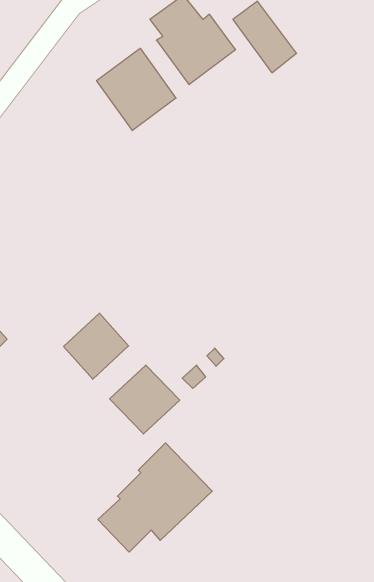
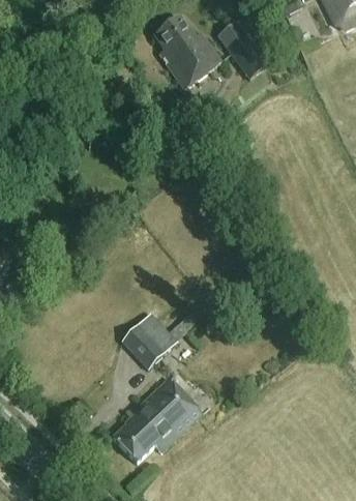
building: [97,48,176,131] -> none
building: [64,313,129,379] -> none

